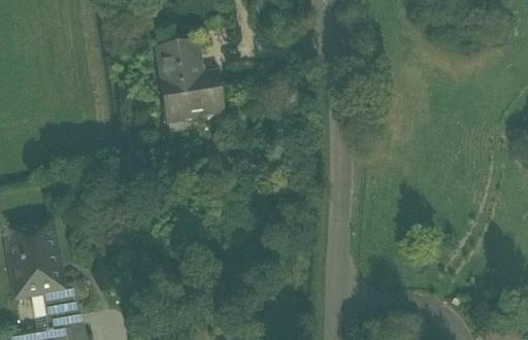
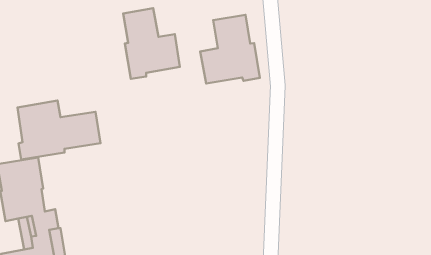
building: none -> [200,15,260,83]
building: none -> [17,100,100,159]

